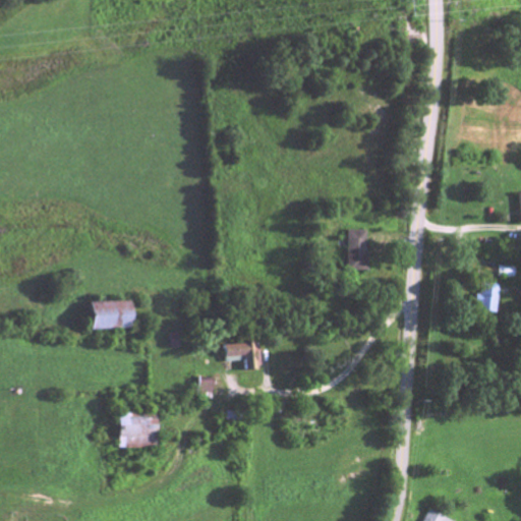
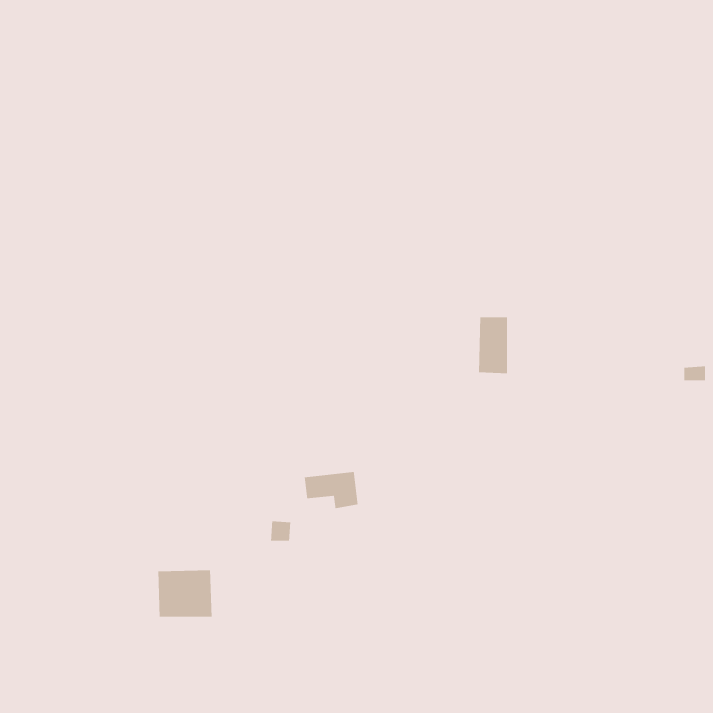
building: [482,282,500,306] -> none
building: [91,300,133,329] -> none

